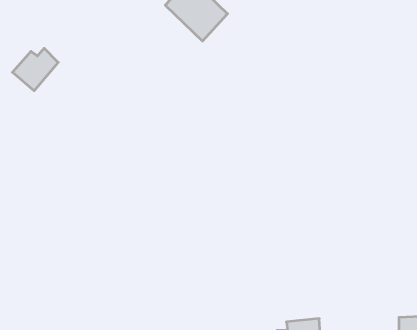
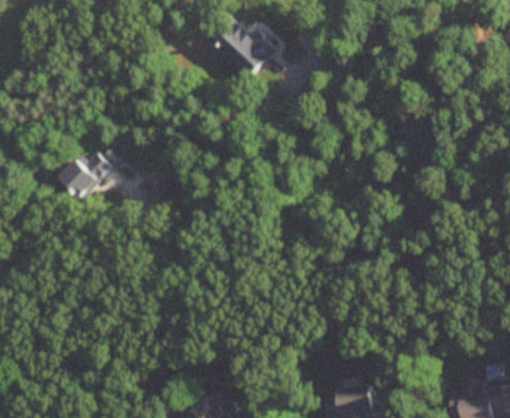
building: [12,48,58,91] -> [59,149,109,195]

